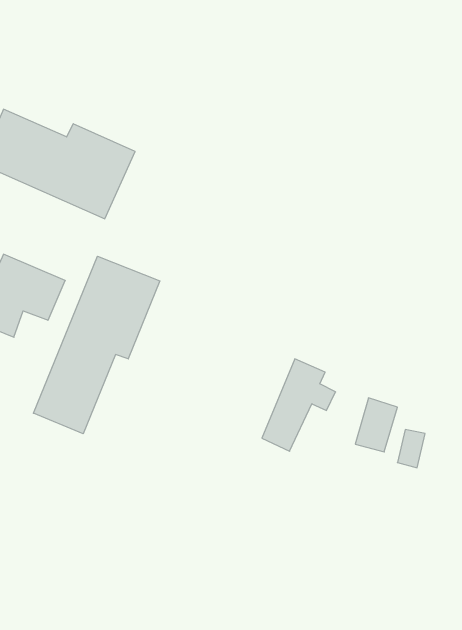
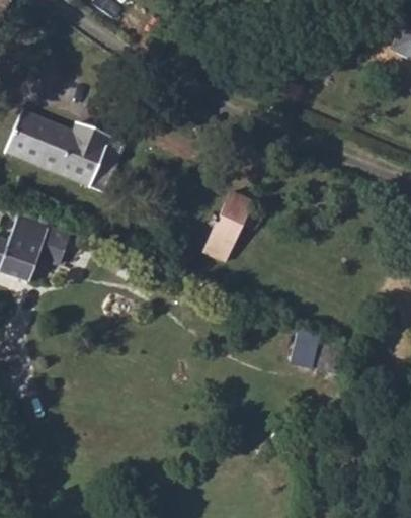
building: [33,256,160,434] -> none
building: [262,359,336,451] -> [202,189,259,260]

